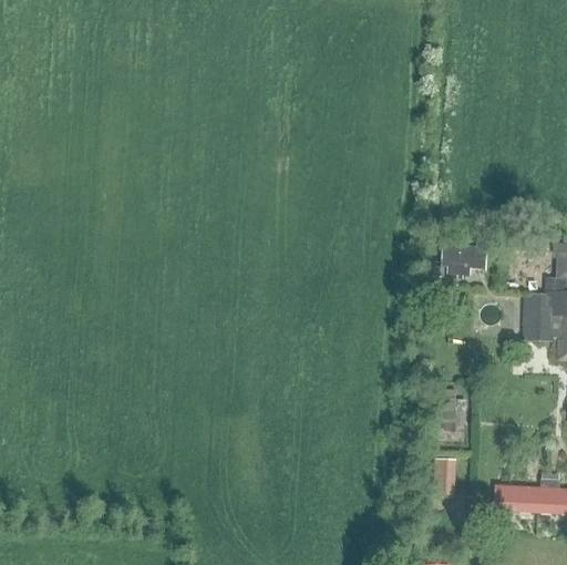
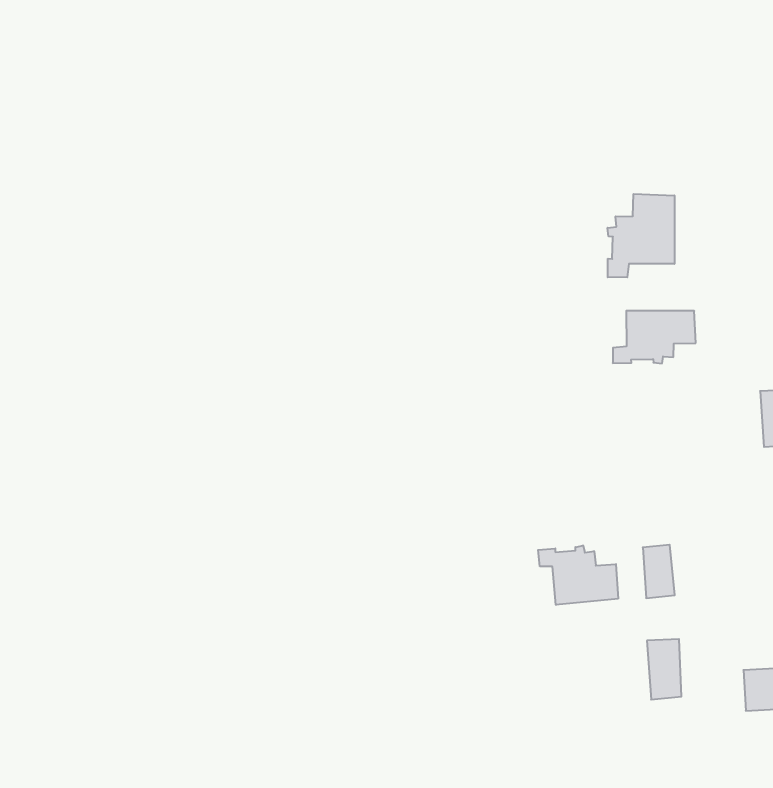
building: none -> [608,194,674,277]
building: none -> [538,545,618,605]

